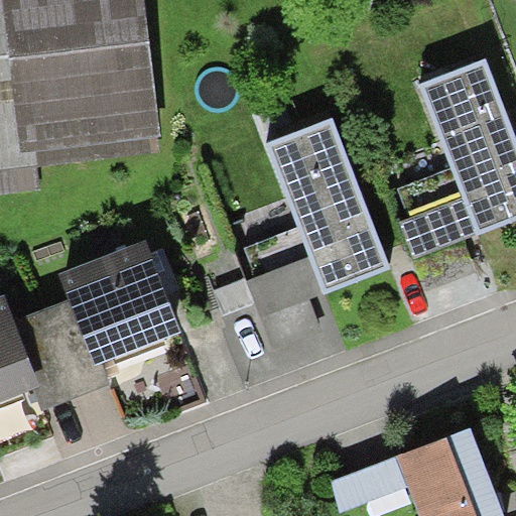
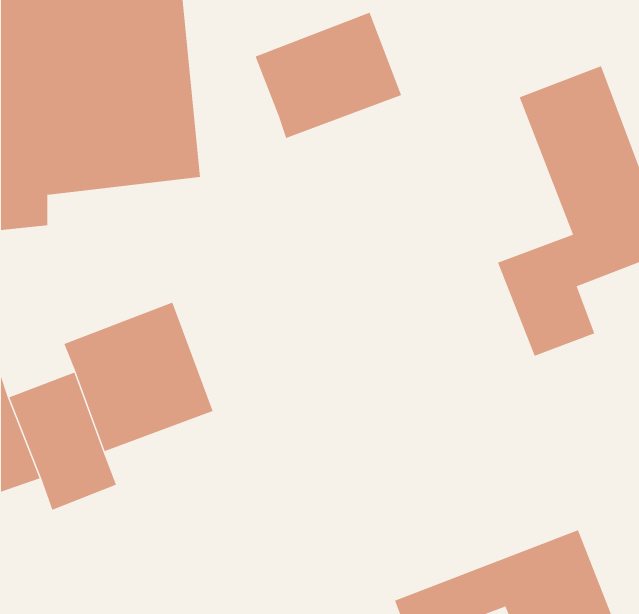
building: none -> [255,12,402,139]
building: [248,120,387,352] -> none

